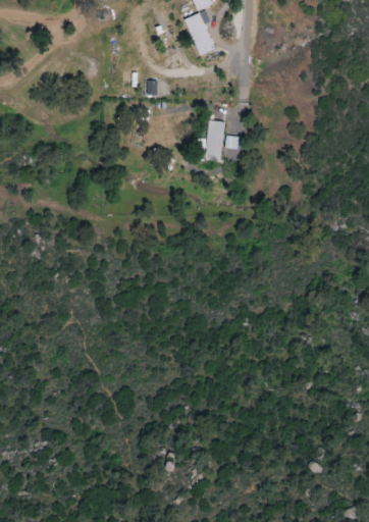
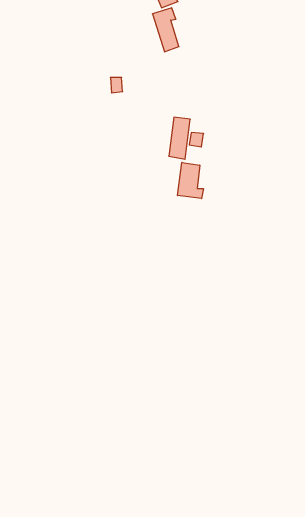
building: none -> [178,162,203,199]

